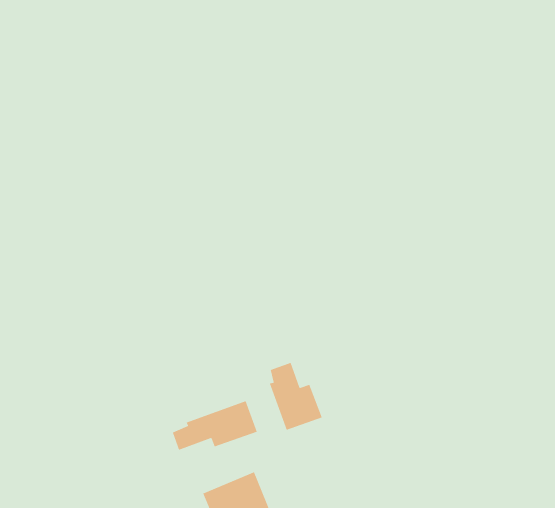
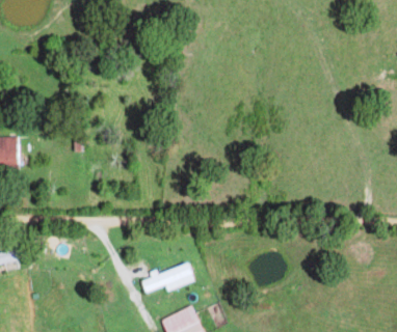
building: [269,362,323,431] -> none

